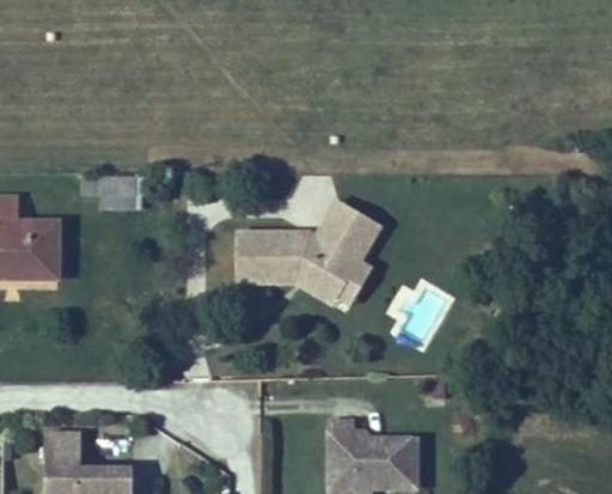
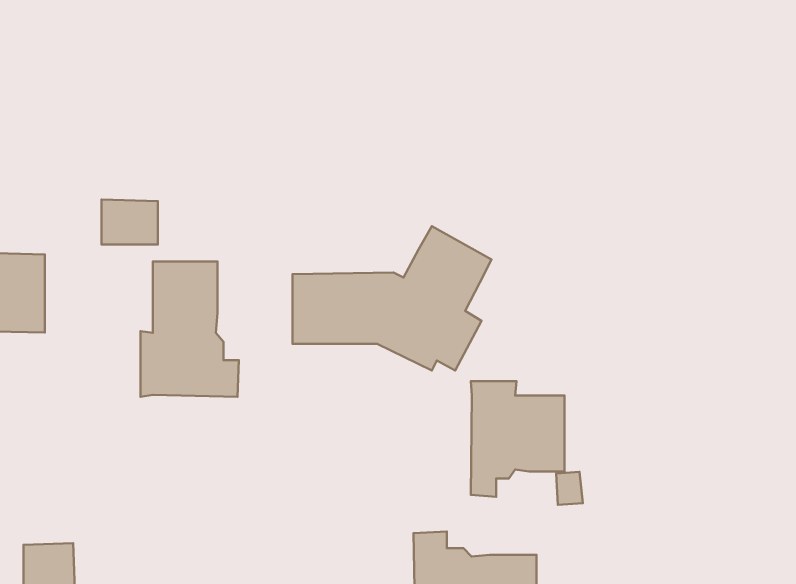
building: none -> [141,262,239,397]
building: none -> [471,381,565,497]

